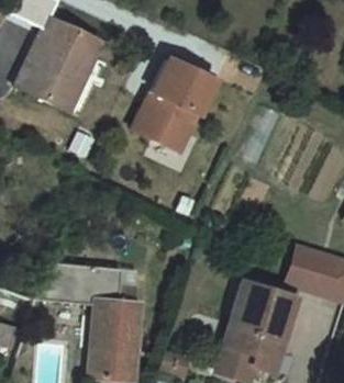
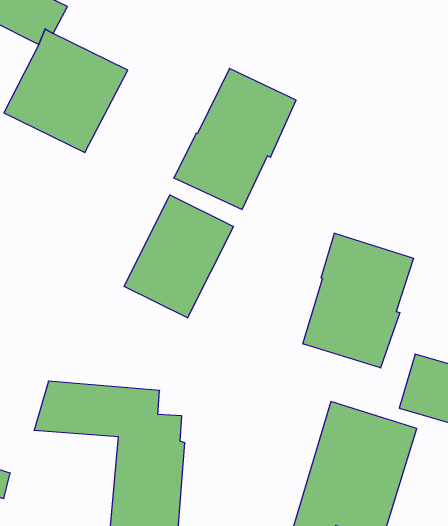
building: none -> [124,195,233,318]
building: none -> [303,233,413,368]

